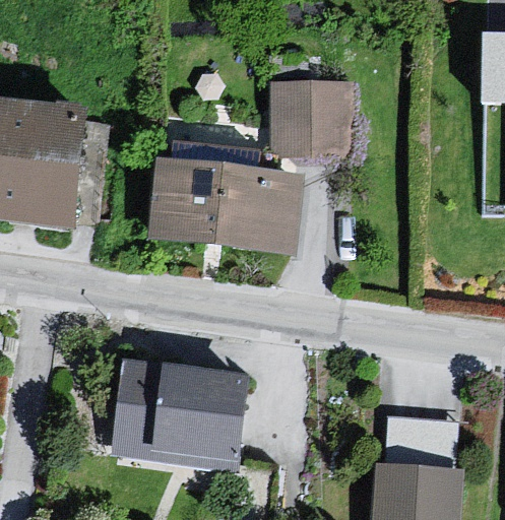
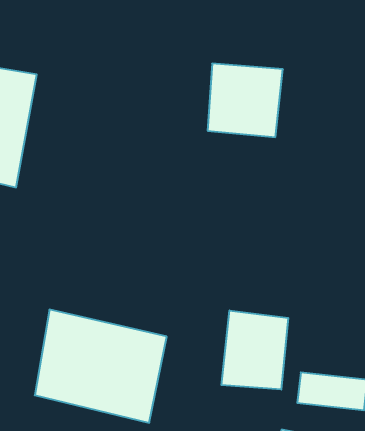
building: [148,157,301,252] -> none
building: none -> [221,310,288,390]

